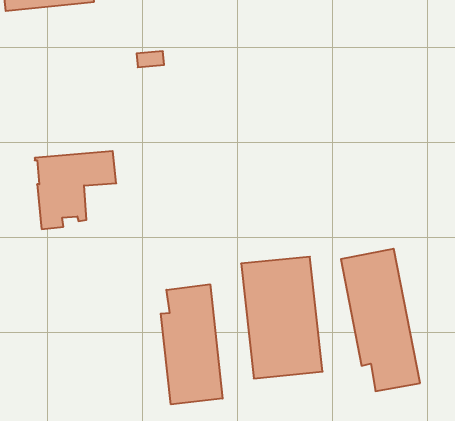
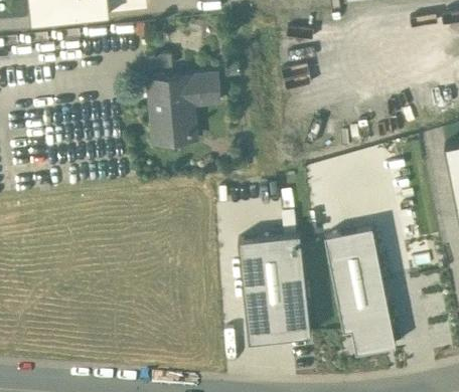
building: [35,151,116,229] -> [149,76,220,145]
building: [161,284,223,404] -> none

